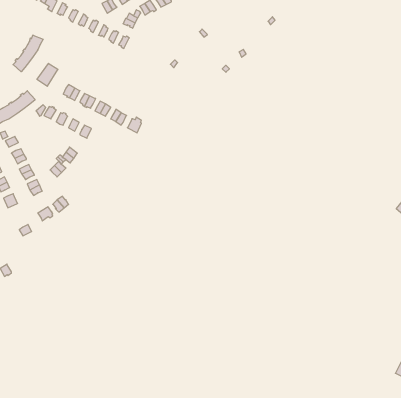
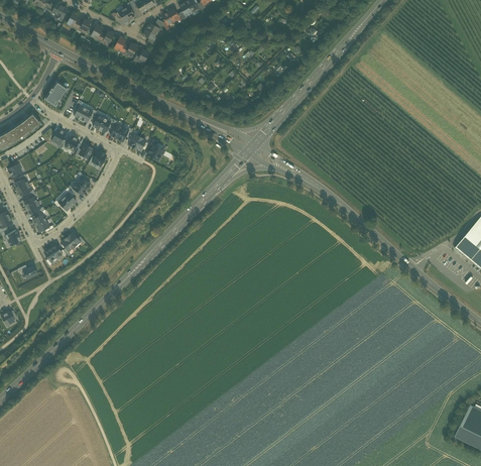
building: [13,35,43,72] -> none

